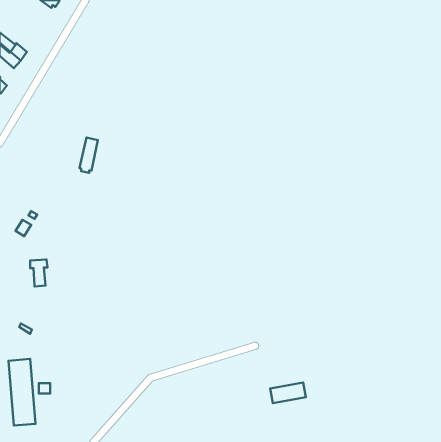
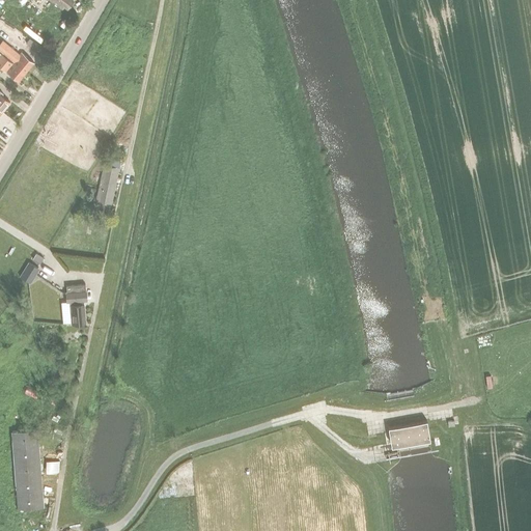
building: [30,260,47,286] -> [65,291,86,324]
building: [270,383,306,403] -> [387,421,429,446]

